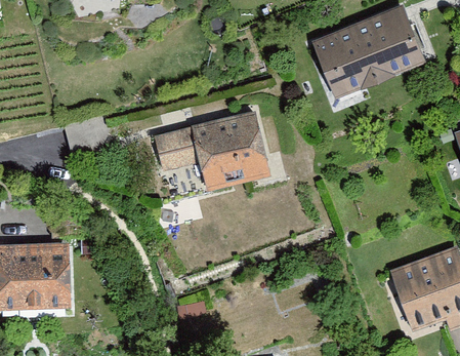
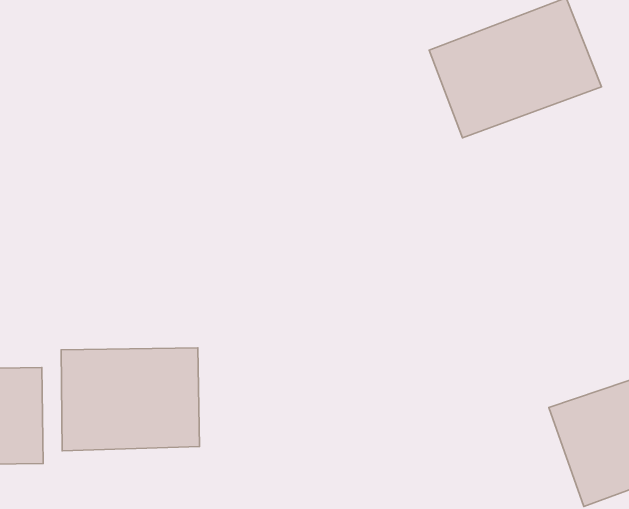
building: [155,112,268,187] -> none
building: none -> [61,348,199,451]

